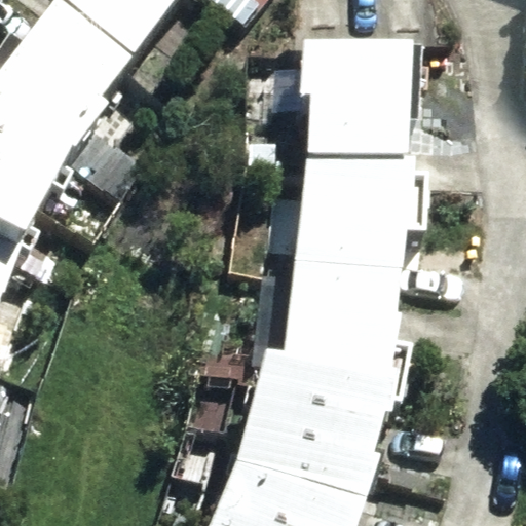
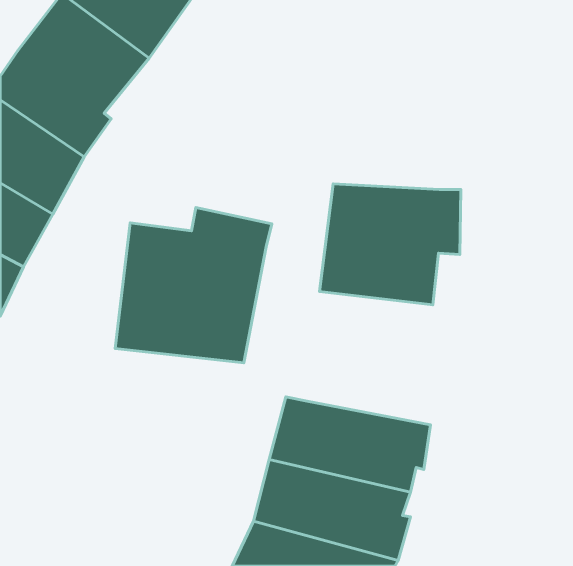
building: [301,45,420,174] -> none
building: none -> [115,208,272,363]
building: [281,267,407,389] -> none

